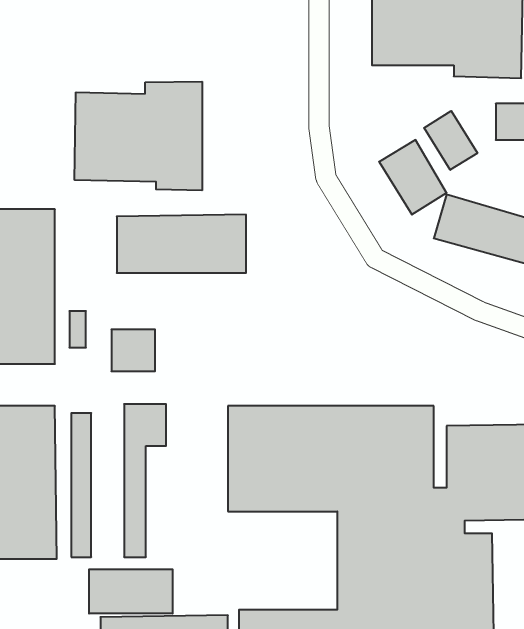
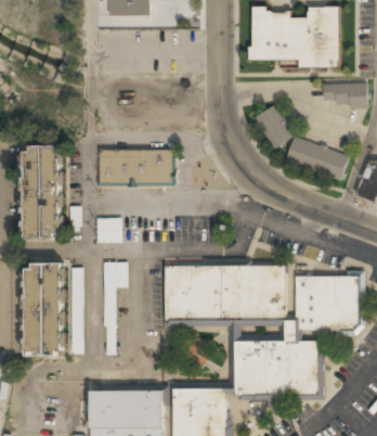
building: [75,82,202,190] -> none
building: [424,111,477,170] -> none
building: [89,569,173,614] -> none

